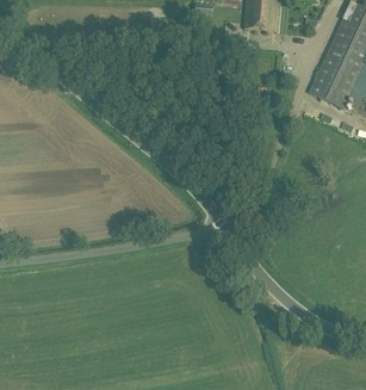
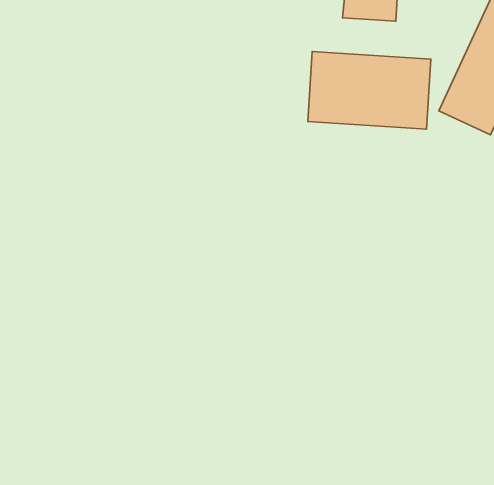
building: none -> [308,51,431,129]

